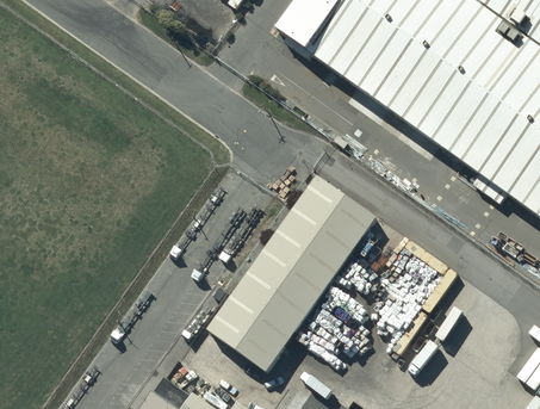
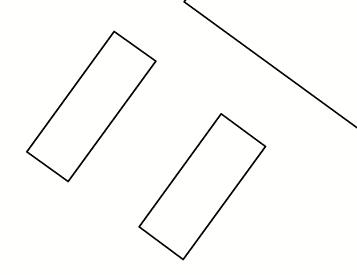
building: none -> [27,31,156,182]

